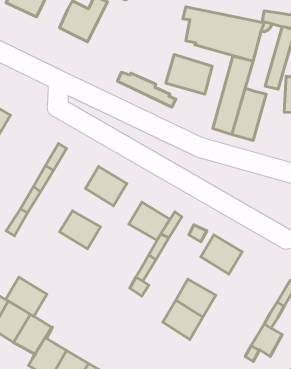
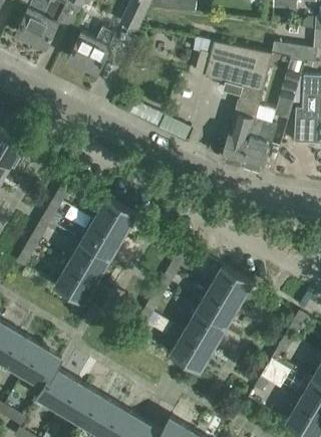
building: [166,55,212,94] -> none
building: [129,202,170,240] -> [81,221,122,259]
building: none -> [197,289,238,327]
building: [6,277,47,316] -> [55,264,96,303]

